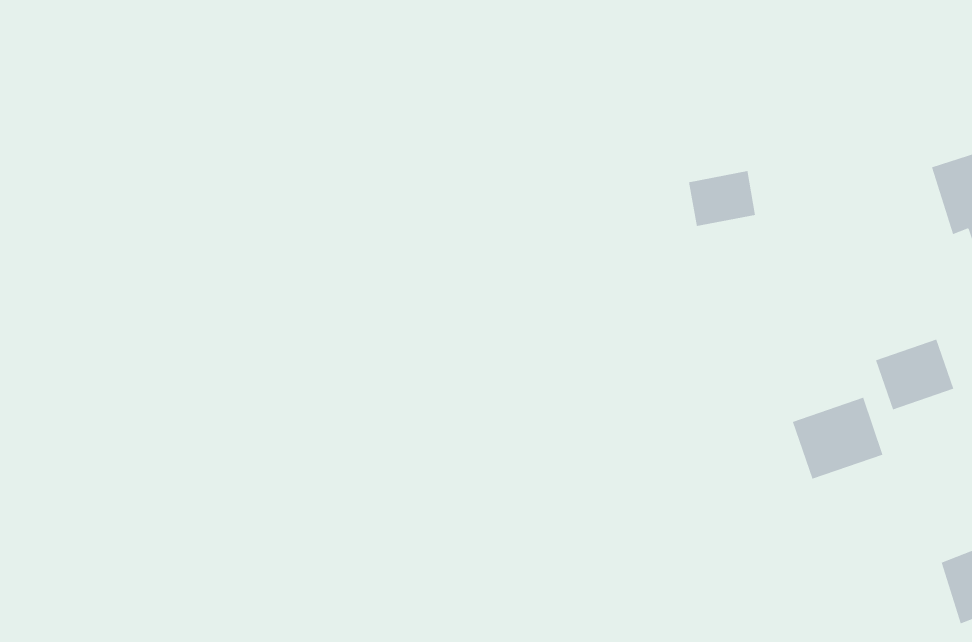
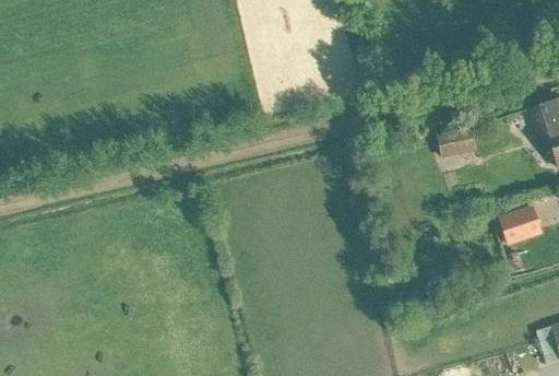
building: [688,171,756,227] -> [438,125,476,156]
building: [792,397,883,479] -> none

